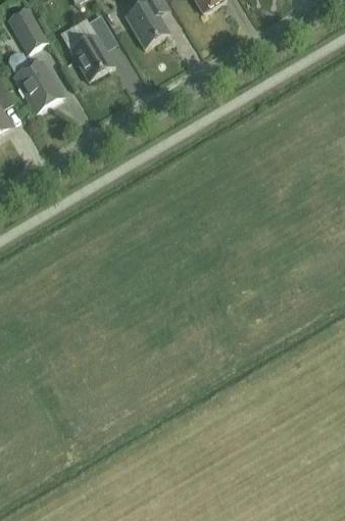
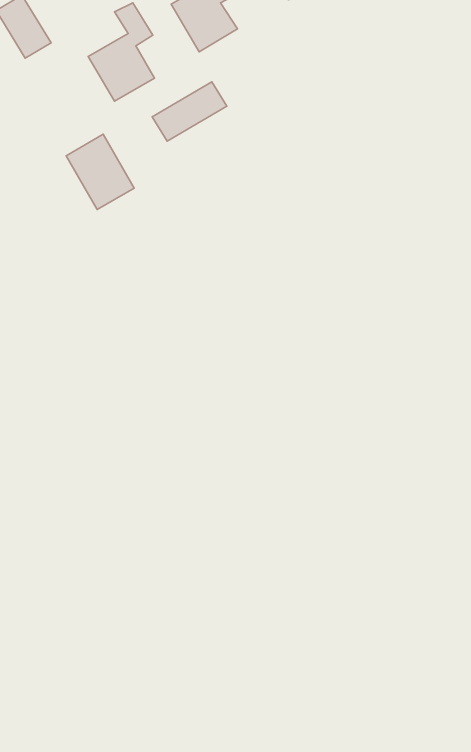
building: [15,59,60,109] -> [66,134,134,210]
building: none -> [152,82,227,141]

